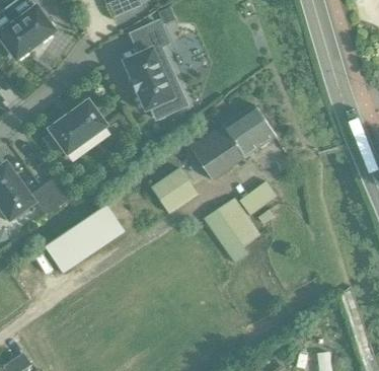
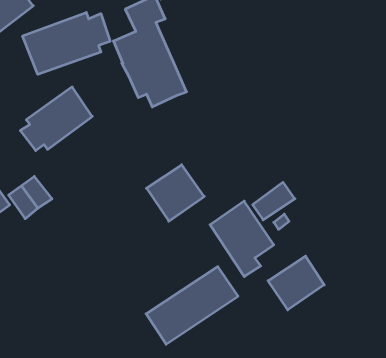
building: none -> [23,12,110,74]
building: [192,105,276,180] -> none
building: [45,206,124,273] -> [146,267,238,344]
building: none -> [268,256,324,310]

